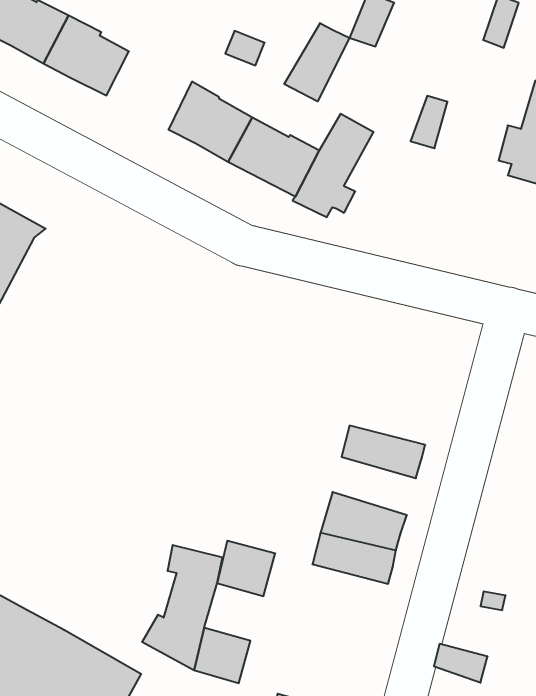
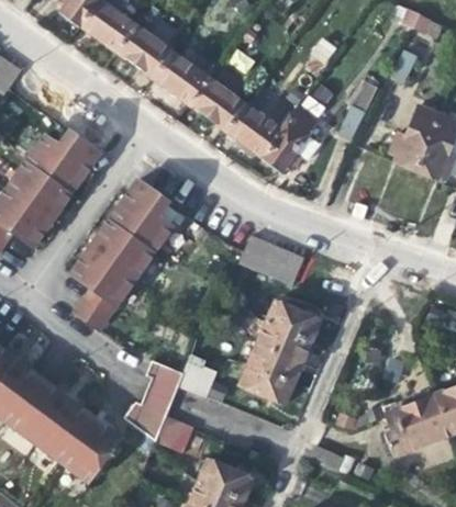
building: [284,23,349,101] -> none
building: none -> [153,52,207,103]
building: none -> [74,180,175,328]
building: none -> [241,234,303,288]
building: none -> [257,320,310,362]

